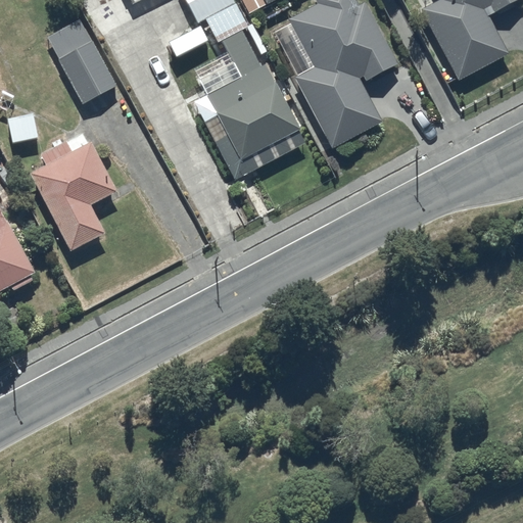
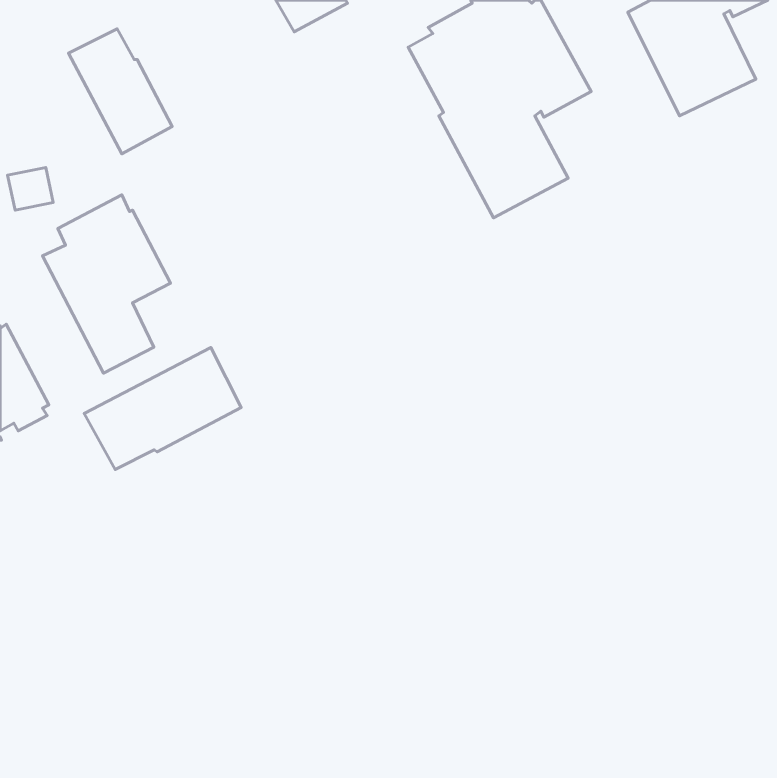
building: [198,28,307,181] -> none
building: none -> [84,348,241,469]

